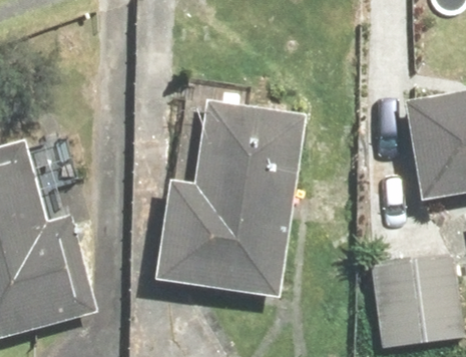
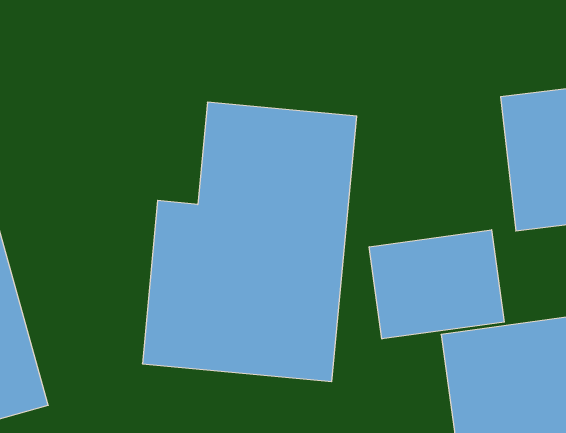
building: none -> [369,230,504,339]

